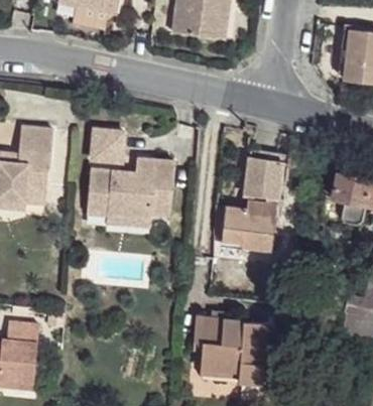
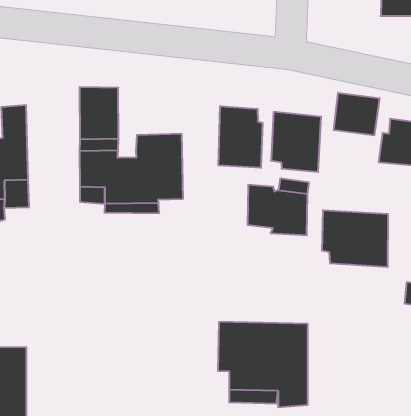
building: none -> [334,93,379,135]
building: none -> [219,106,262,168]
building: none -> [322,210,388,267]

